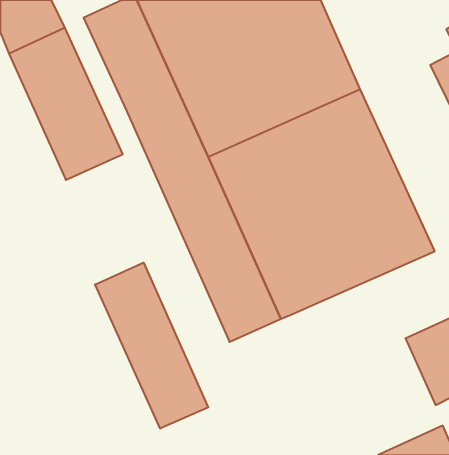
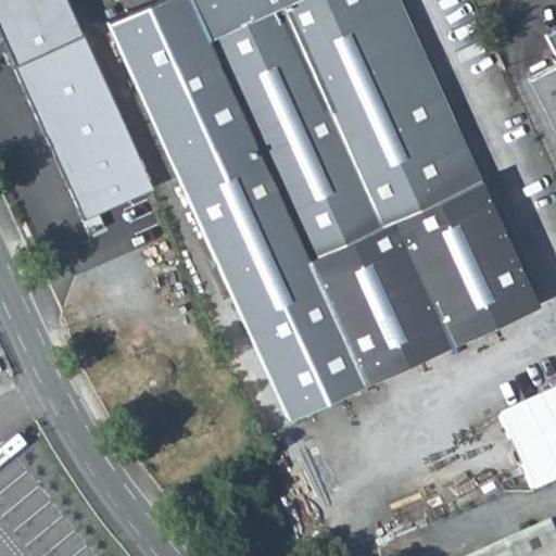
building: [95,263,208,429] -> none

